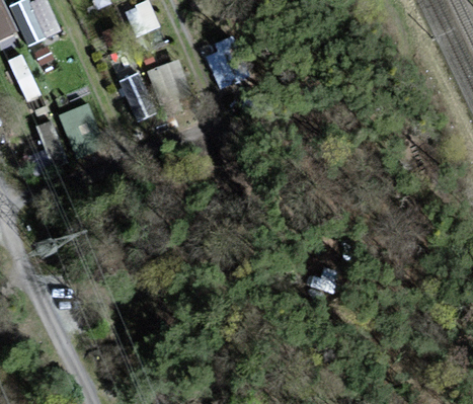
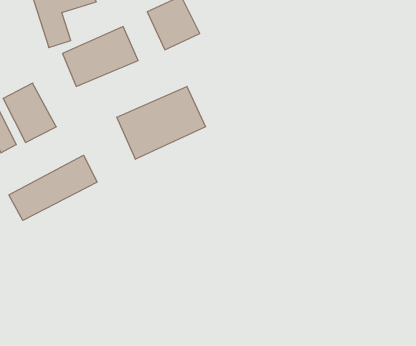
building: none -> [117,86,206,159]
building: none -> [9,155,97,220]

